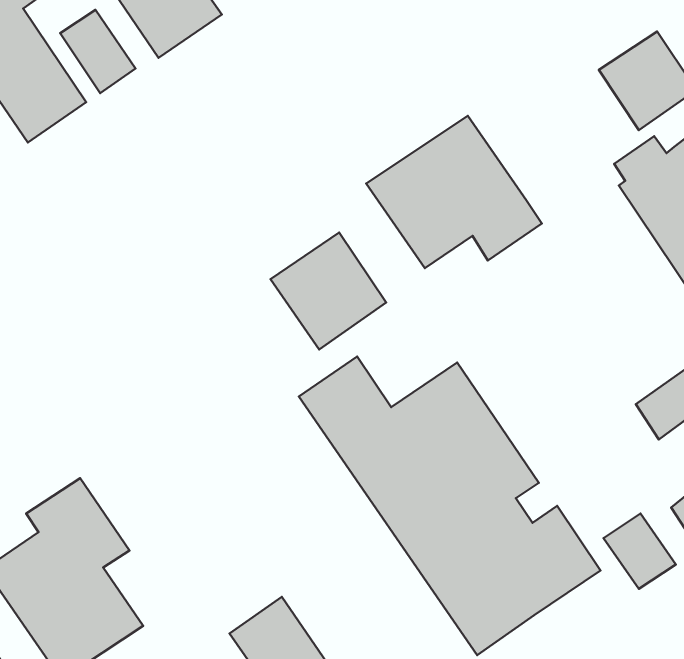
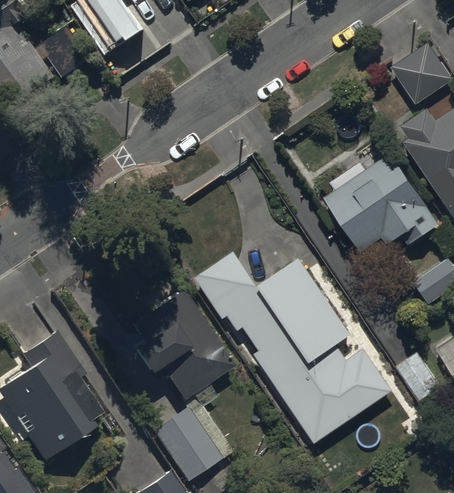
building: [366,116,542,268] -> [324,153,438,252]
building: [270,233,386,349] -> none
building: none -> [129,288,235,400]

